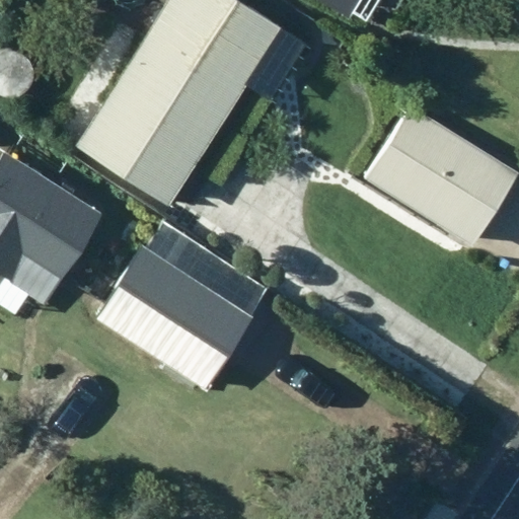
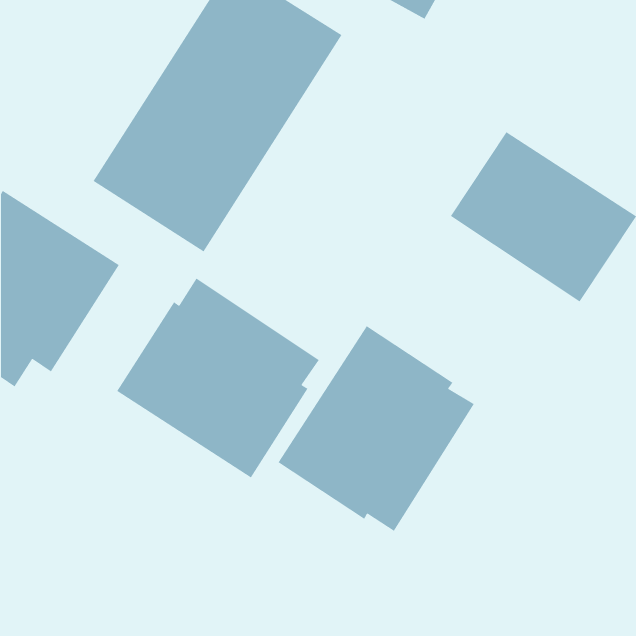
building: none -> [277,325,475,532]

